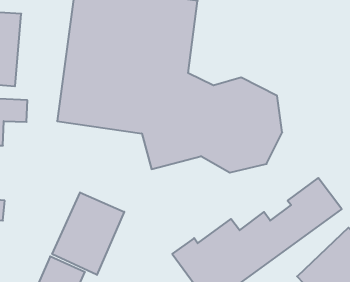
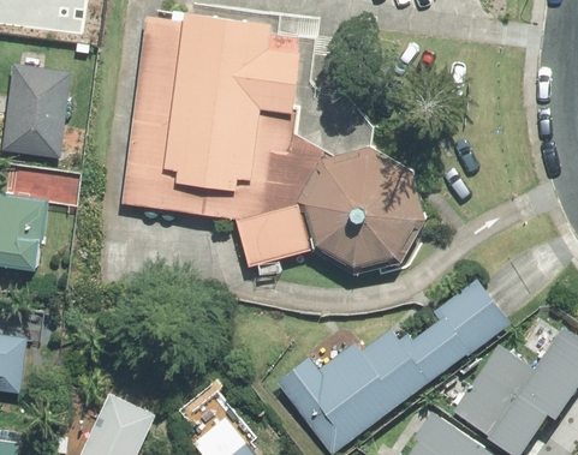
building: [52,192,124,275] -> none

